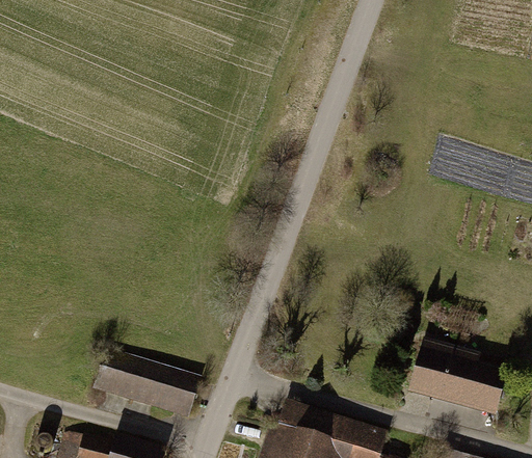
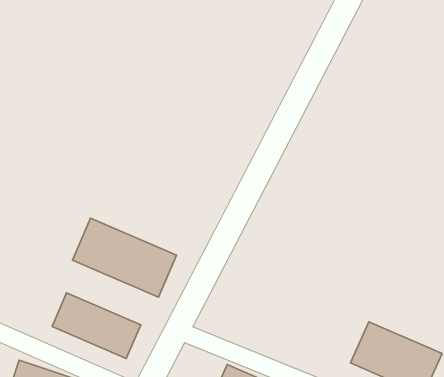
building: none -> [72,218,176,297]

